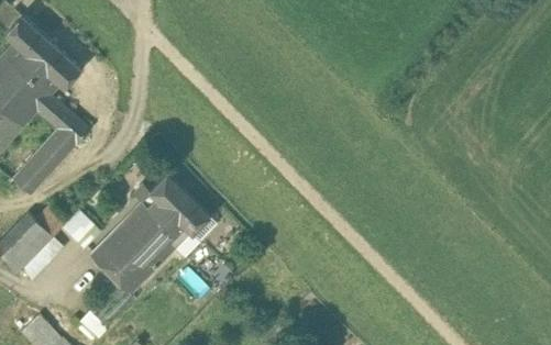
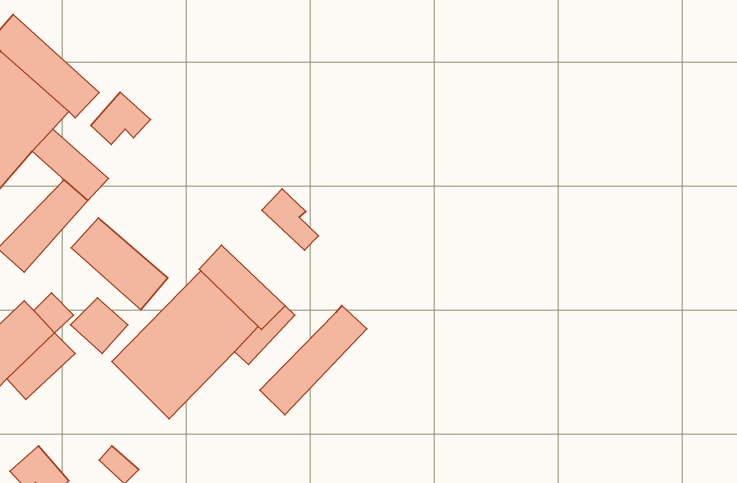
building: none -> [91,92,151,144]
building: none -> [262,189,319,250]
building: none -> [71,218,168,310]
building: none -> [260,306,367,415]

